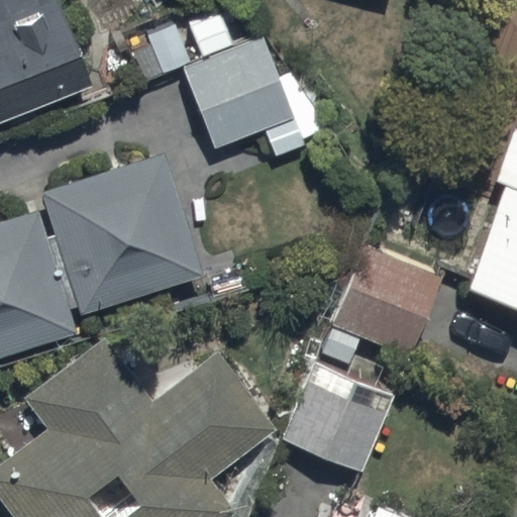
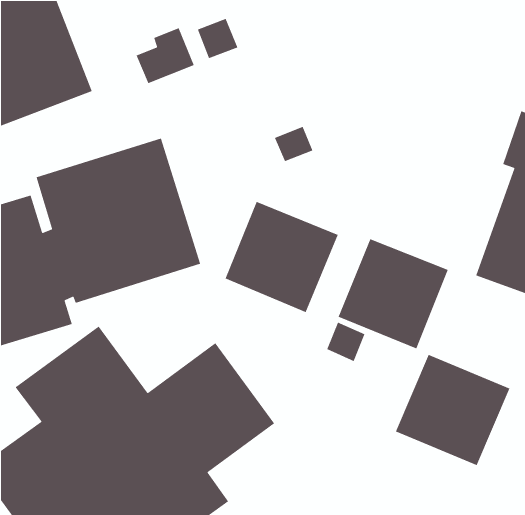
building: [190,56,300,167] -> none
building: none -> [224,201,339,313]
building: [283,363,395,472] -> [395,354,510,466]

